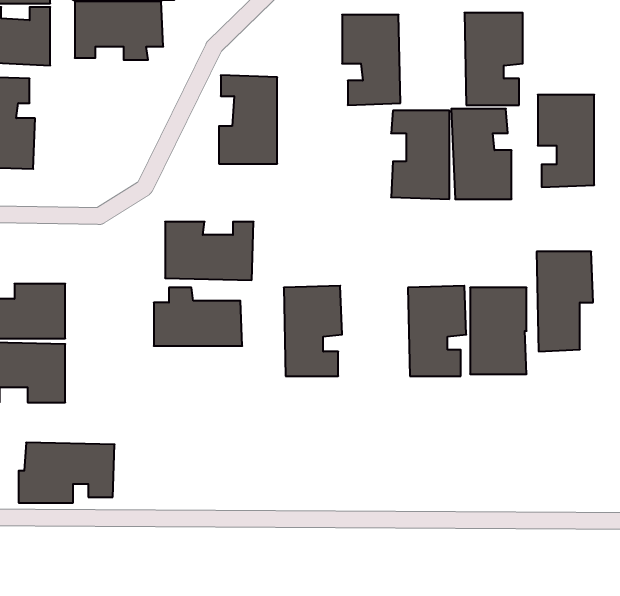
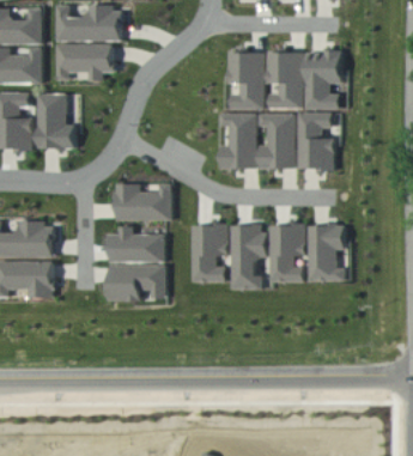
building: [219,75,277,164] -> [220,113,257,169]
building: none -> [37,92,74,148]
building: [538,95,594,187] -> [267,50,303,109]
building: [537,252,593,351] -> [230,225,266,288]
building: [19,443,115,503] -> [104,263,165,302]

